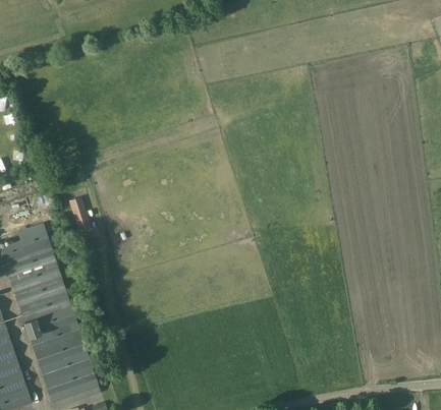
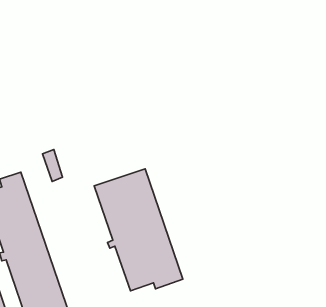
building: none -> [94,169,183,291]

